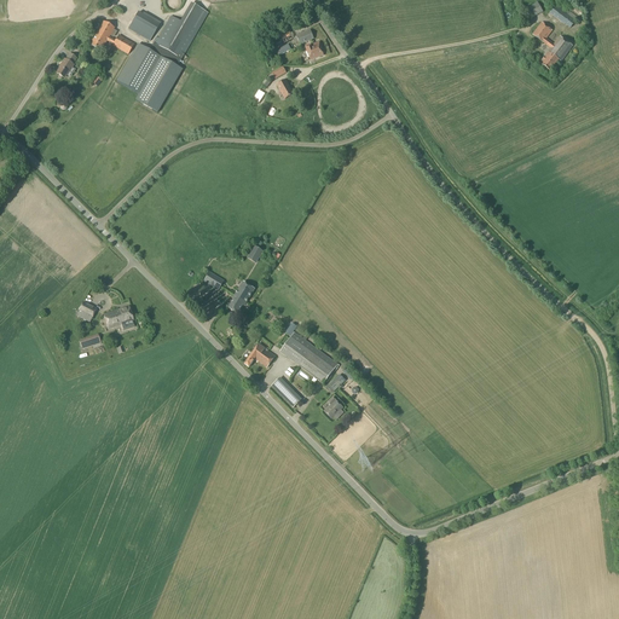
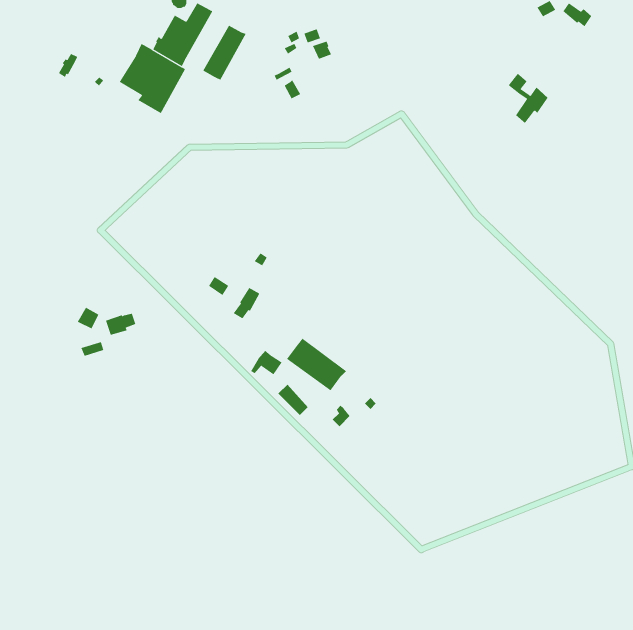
building: [128,10,161,40] -> none
building: [89,19,134,53] -> none
building: [532,21,572,70] -> [508,73,549,124]
building: none -> [202,25,247,81]

